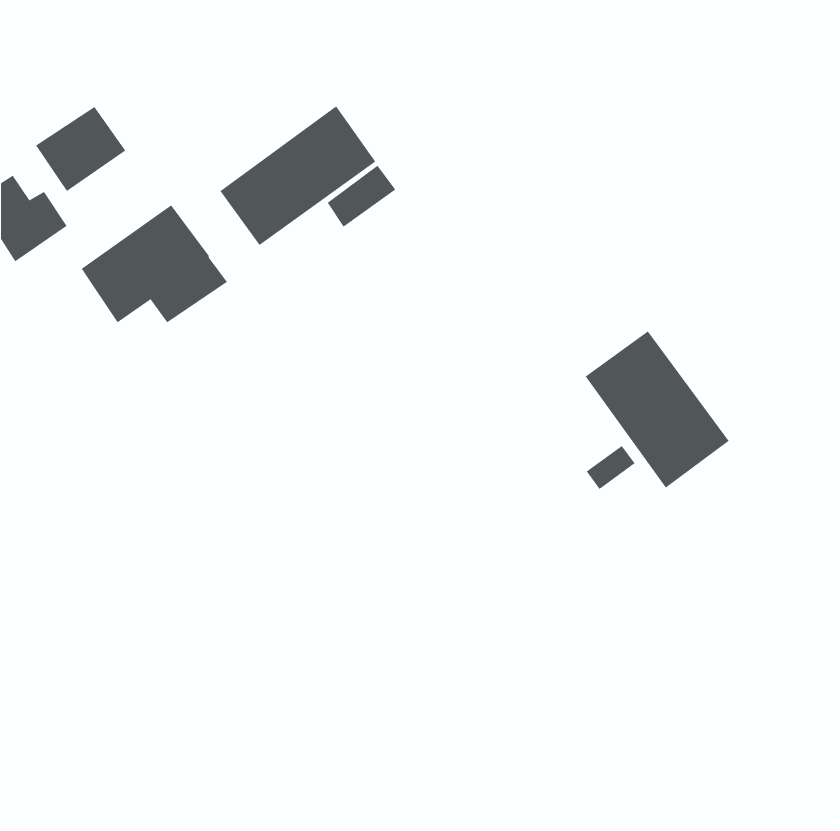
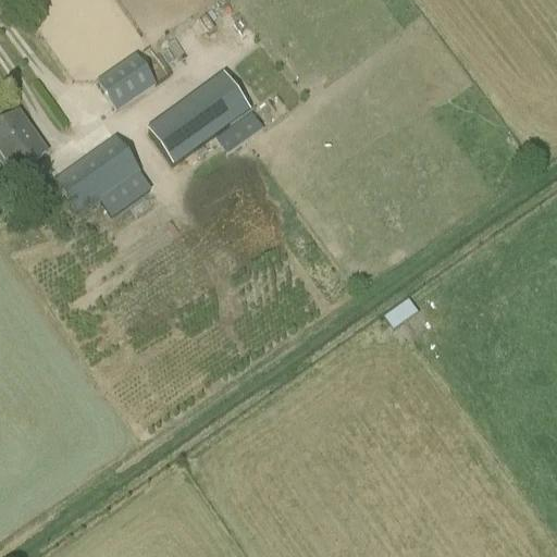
building: [35,106,126,192] -> [97,51,157,108]
building: [585,330,730,489] -> none

